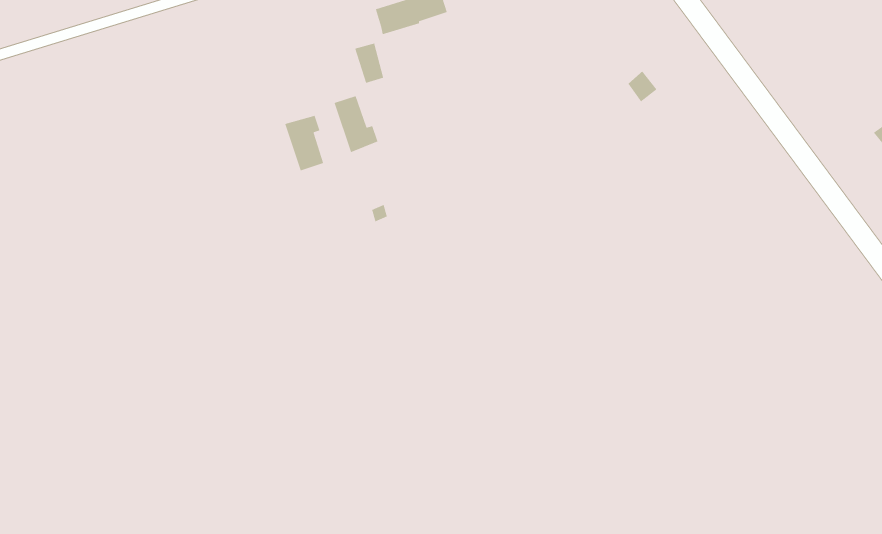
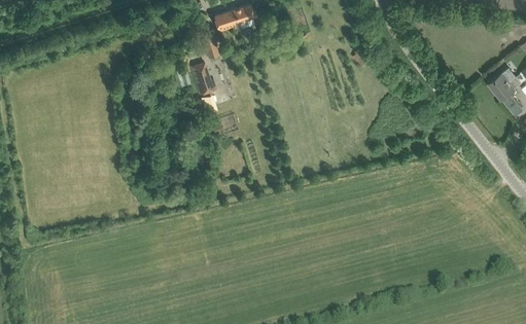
building: [284,115,324,171] -> none

